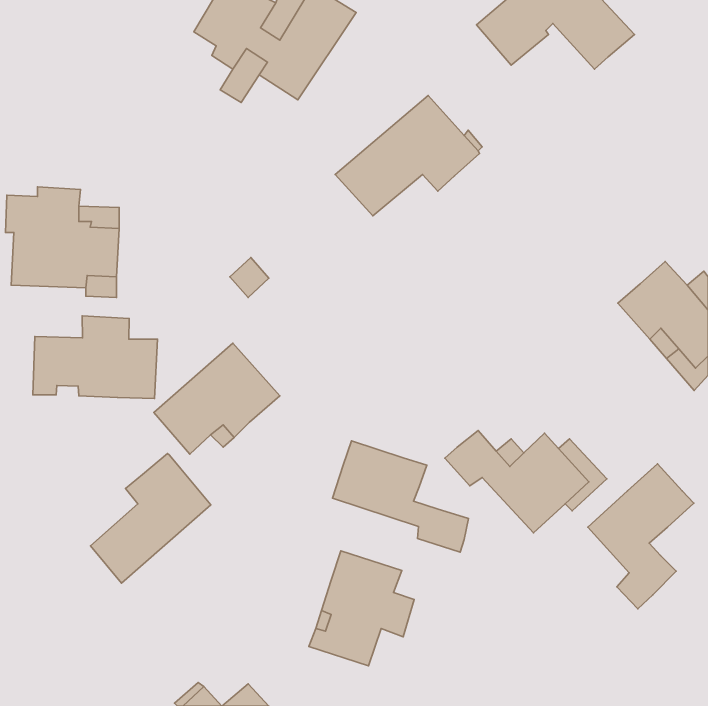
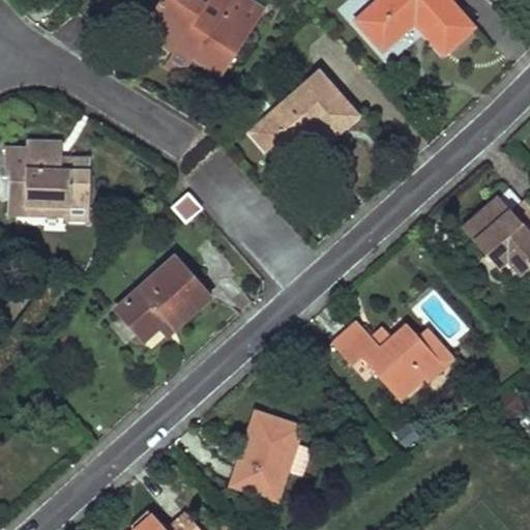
building: [33,316,157,399] -> none
building: [332,441,469,552] -> none
building: [91,454,211,583] -> none
building: [588,464,694,609] -> none

